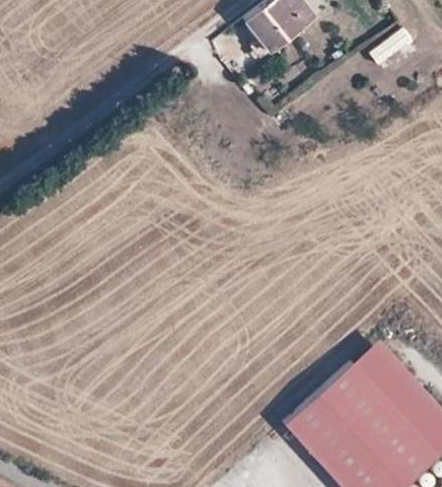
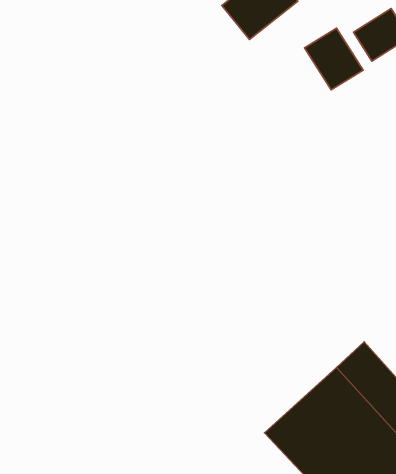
building: none -> [305,28,363,90]

